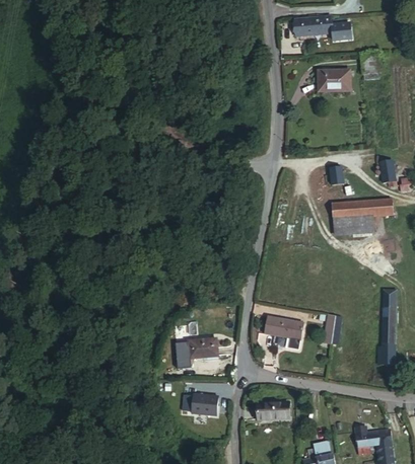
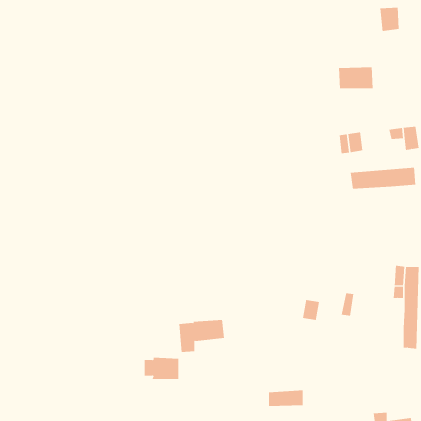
building: [318,70,350,90] -> [338,67,373,89]
building: [334,217,371,235] -> none
building: [265,316,291,337] -> none
building: [187,395,219,415] -> [144,357,179,379]

